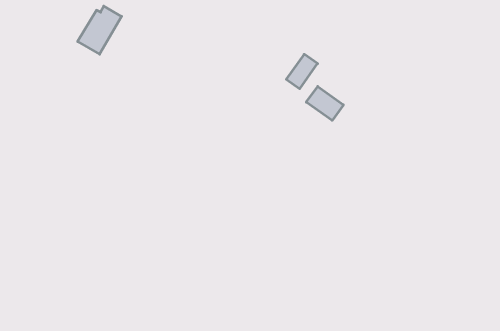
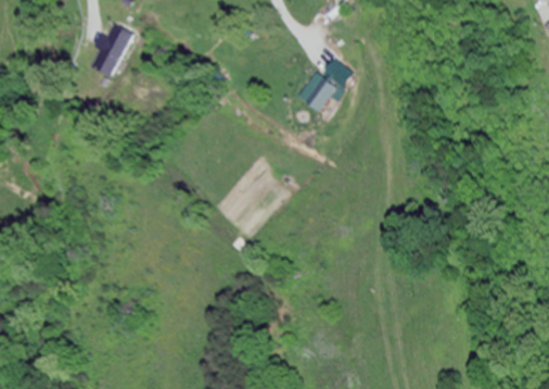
building: [306,86,343,120] -> none

